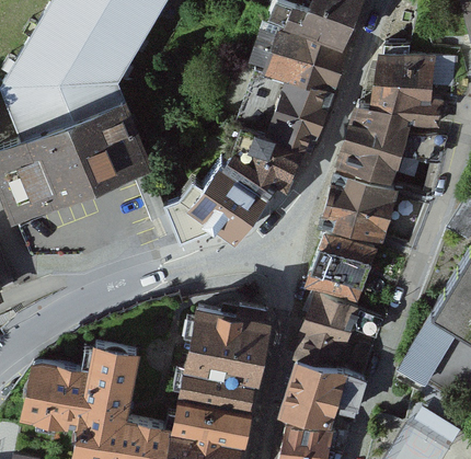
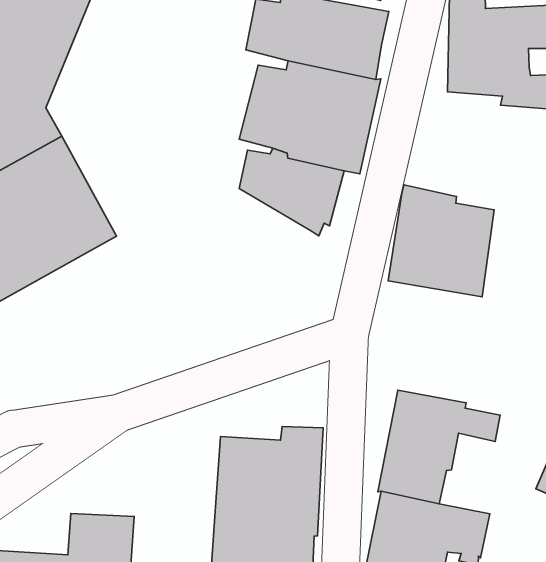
building: [340,105,411,182] -> none
building: [163,153,275,245] -> none
building: [308,233,376,300] -> none

